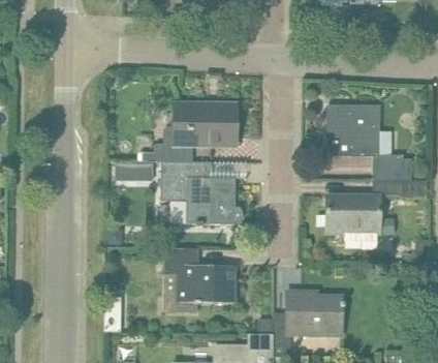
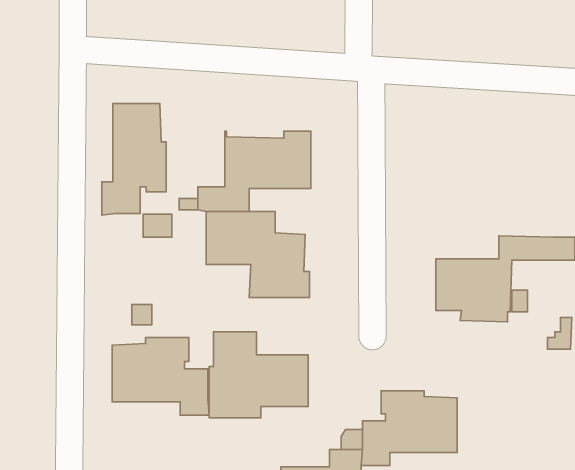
building: none -> [102,103,166,215]
building: [326,105,410,180] -> none
building: none -> [112,338,209,415]

